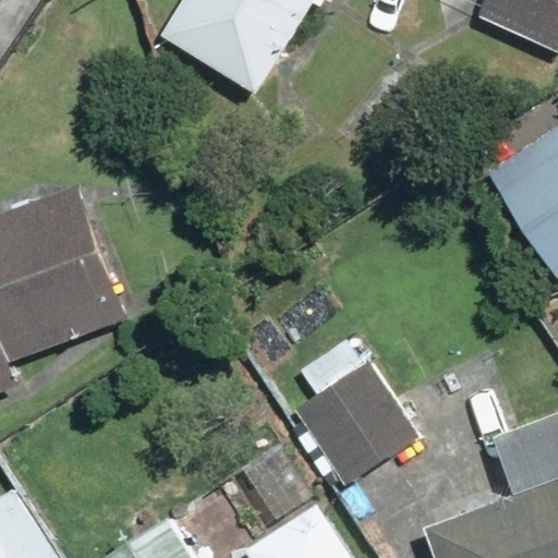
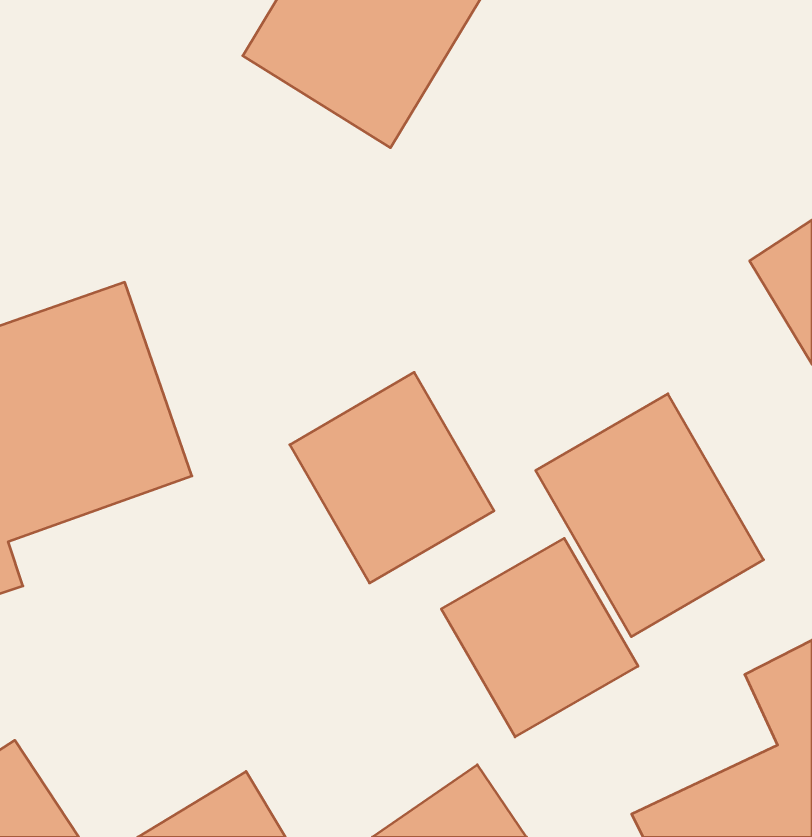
building: none -> [290,372,494,583]
building: none -> [536,394,764,637]

